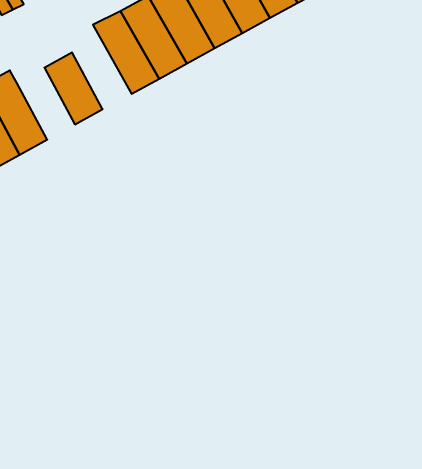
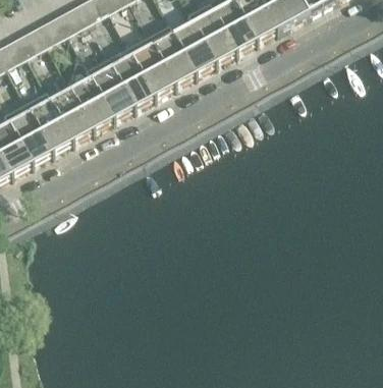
building: none -> [83,57,131,119]
building: none -> [47,89,90,142]

